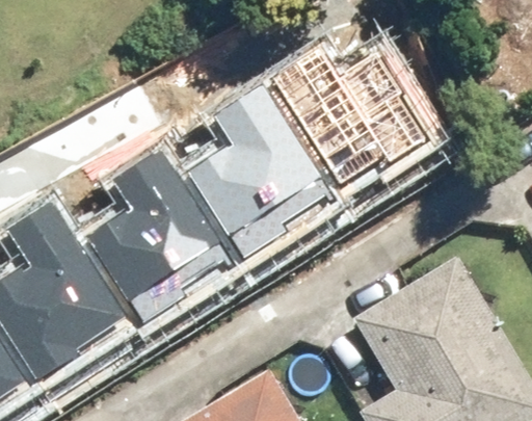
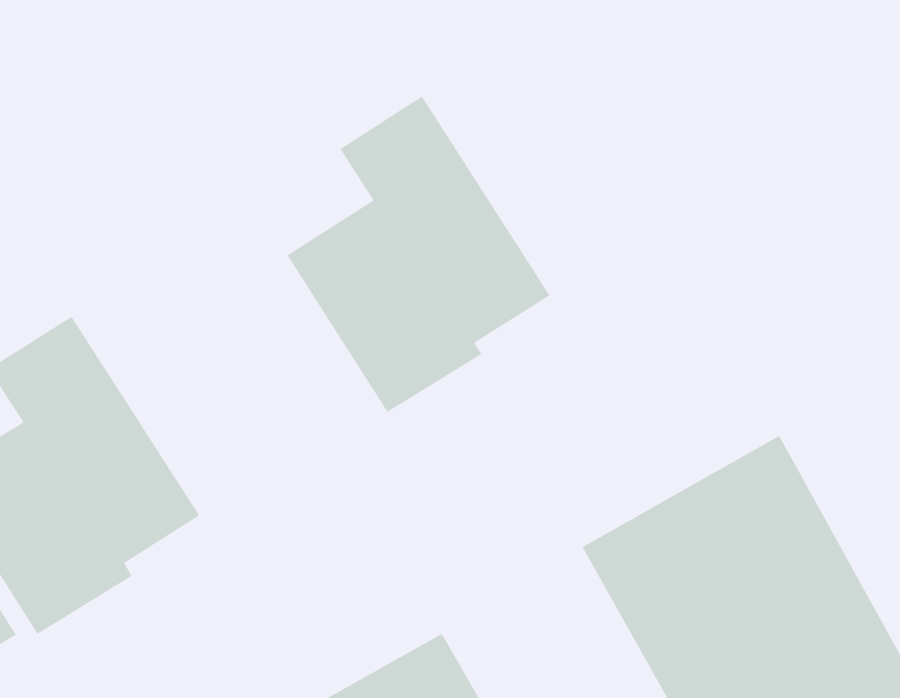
building: [265,40,438,185] -> none
building: [88,141,238,322] -> none

